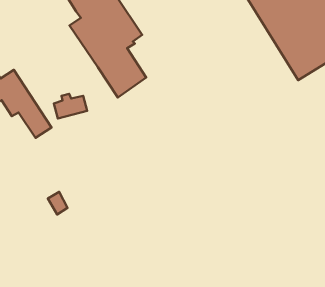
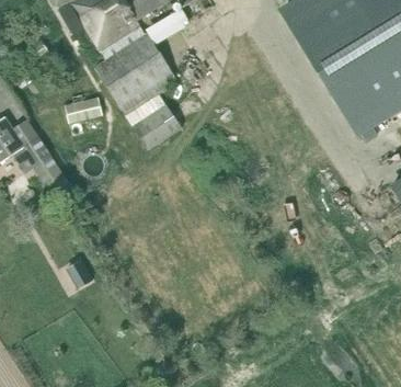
building: [54,94,87,118] -> [64,94,102,123]

